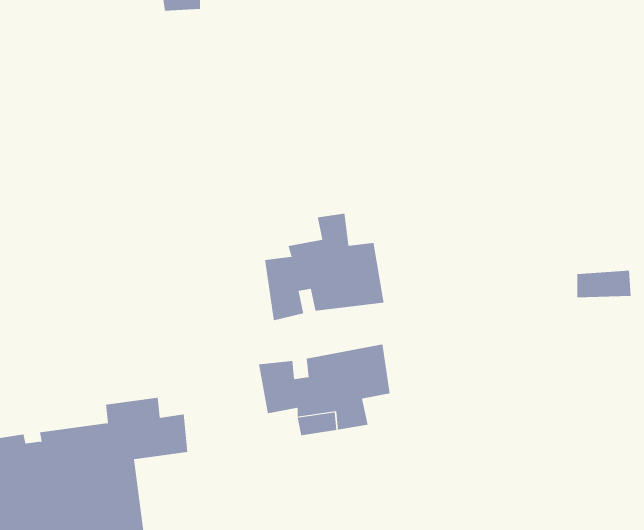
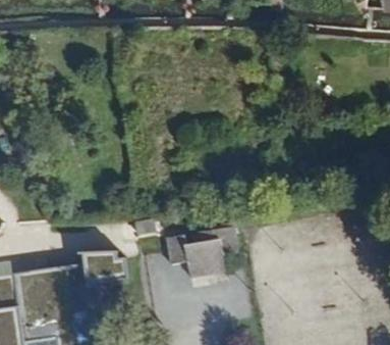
building: [265,213,384,321] -> none

